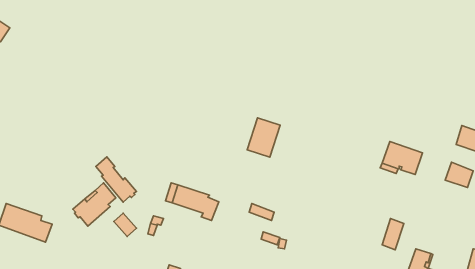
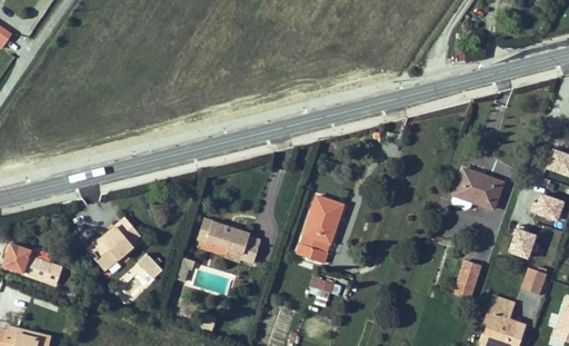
building: [247,118,280,157] -> [303,196,342,243]
building: [96,157,136,202] -> none
building: none -> [506,230,533,261]
building: none -> [518,268,547,296]

